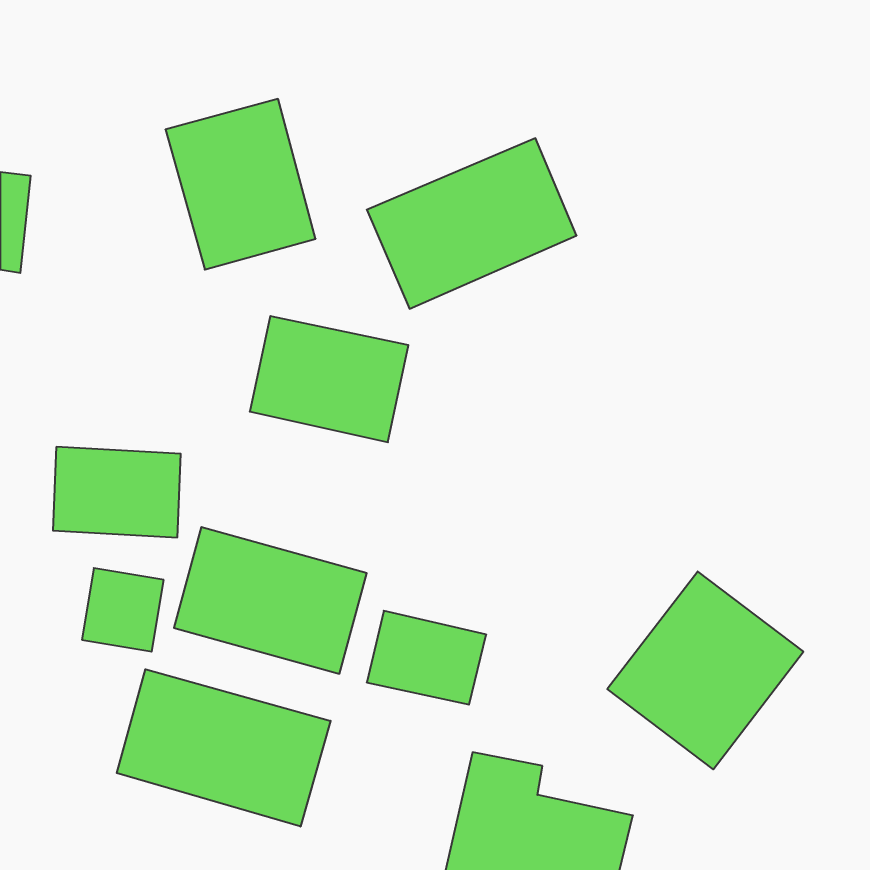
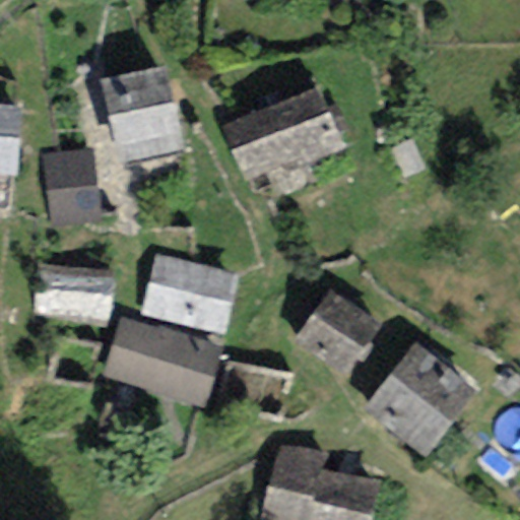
building: none -> [41,147,105,228]
building: [250,316,408,442] -> [143,256,238,331]
building: none -> [295,287,380,373]
building: [117,669,331,827] -> none

